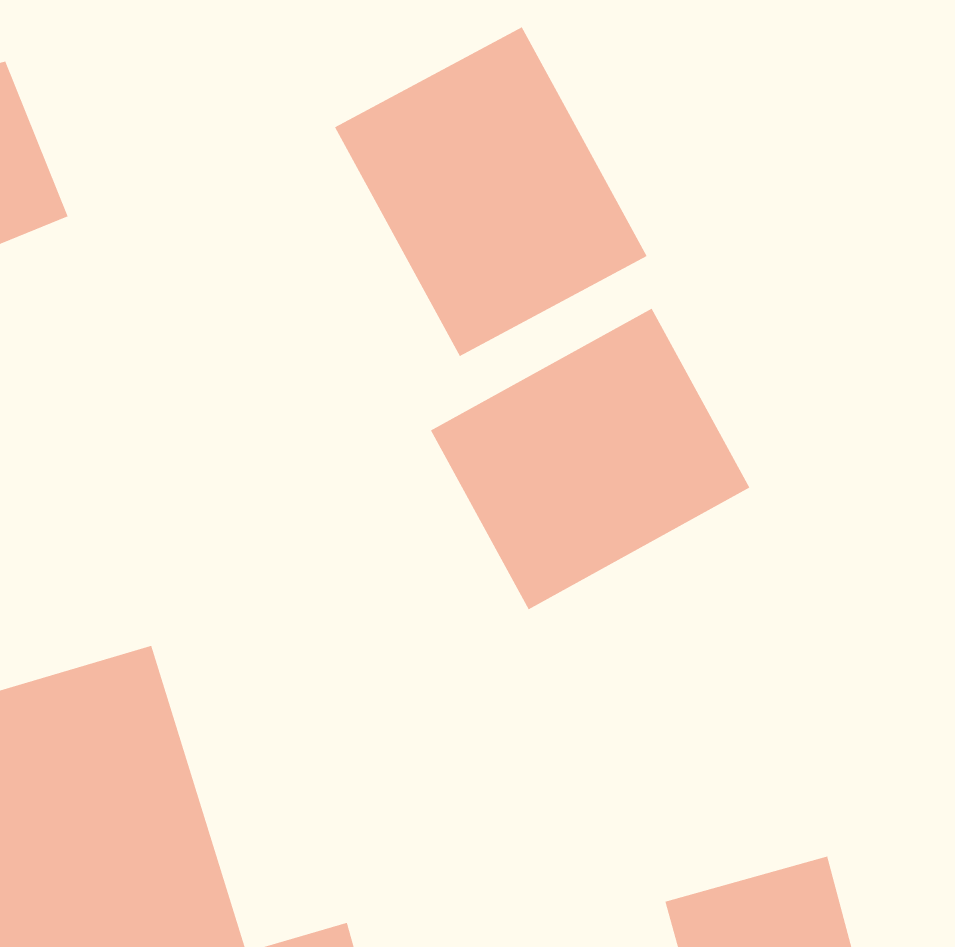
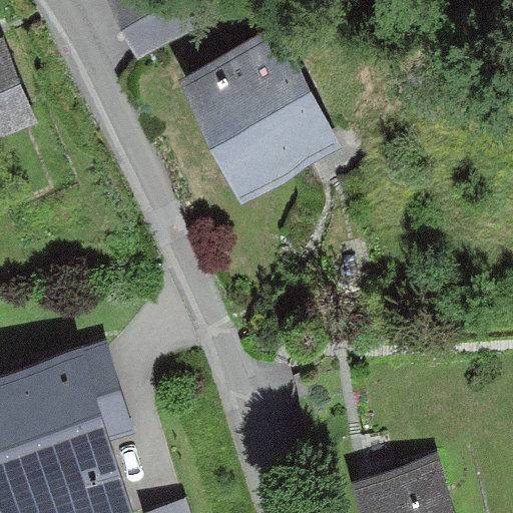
building: [430,308,750,610] -> none

